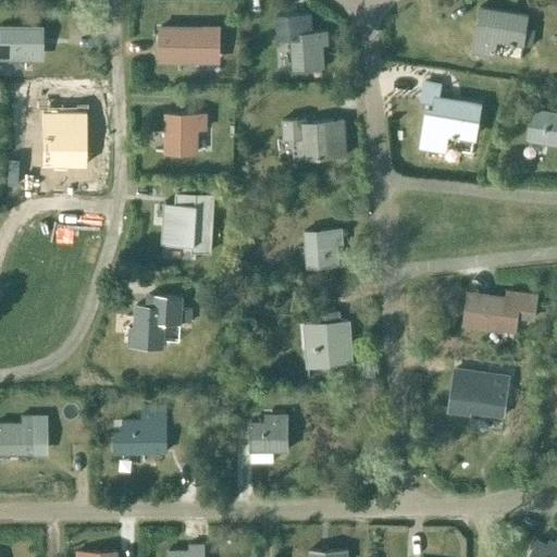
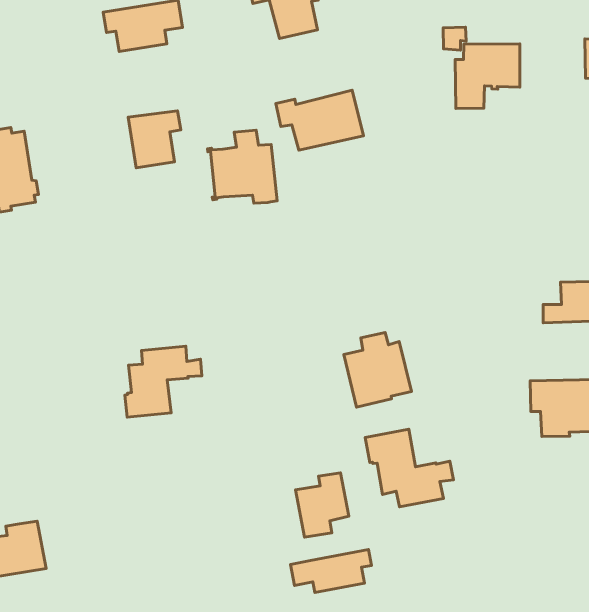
building: [160,195,212,253] -> [207,130,277,203]
building: [304,231,342,269] -> none
building: none -> [365,429,454,507]
building: [113,408,166,454] -> none
building: none -> [291,550,371,592]

